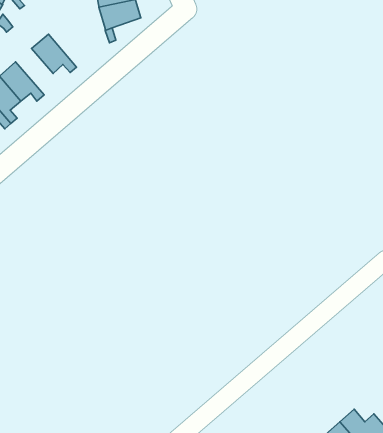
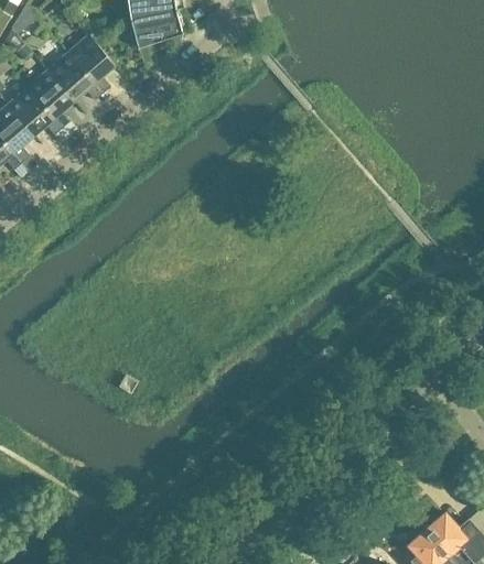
building: none -> [68,34,115,93]
building: none -> [28,69,74,127]

